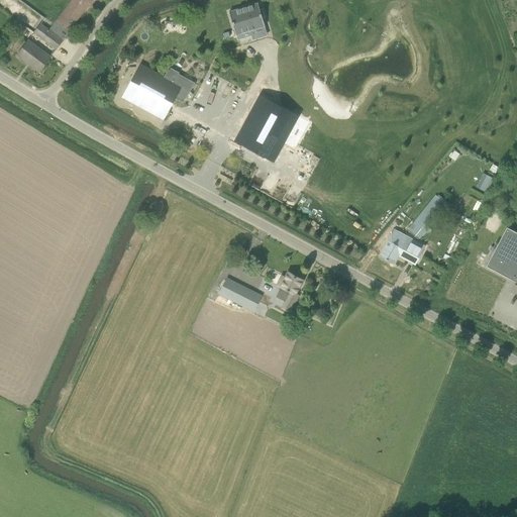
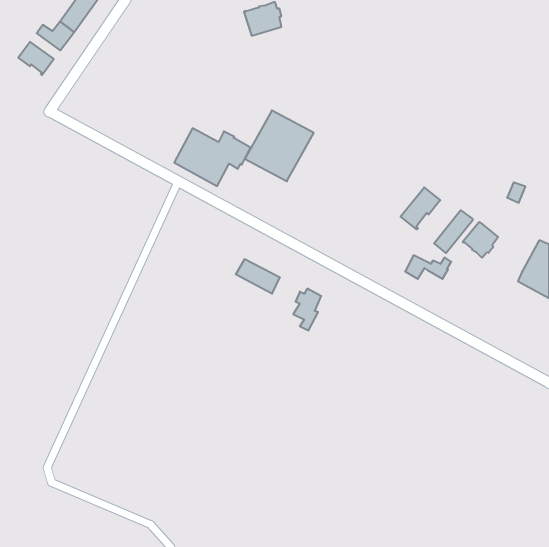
building: [123,64,195,118] -> [174,128,251,186]
building: none -> [401,187,440,229]
building: none -> [463,222,498,258]
building: [219,278,261,310] -> [236,259,280,294]

